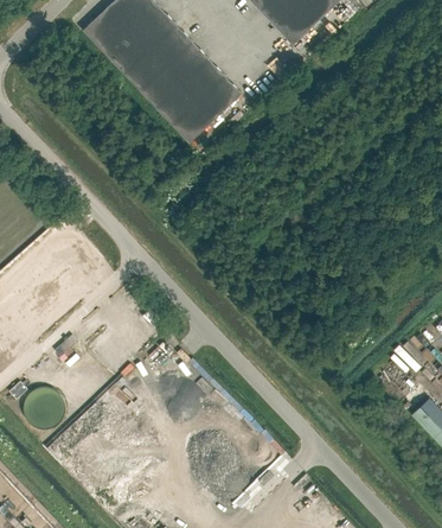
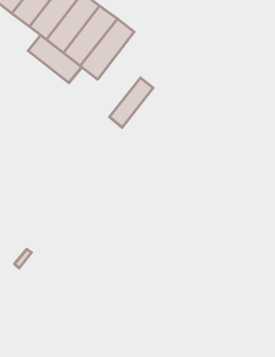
building: none -> [28,35,82,83]
building: none -> [109,78,153,128]

